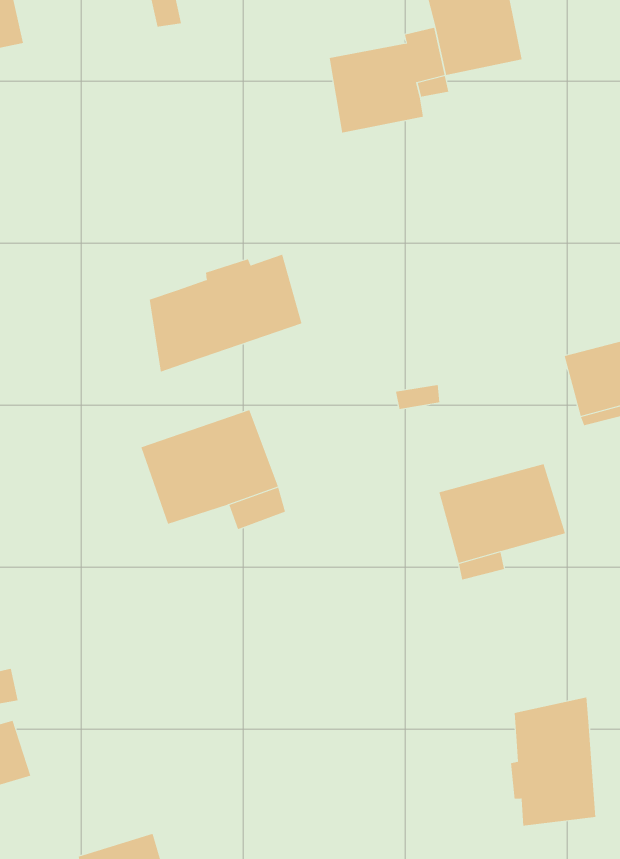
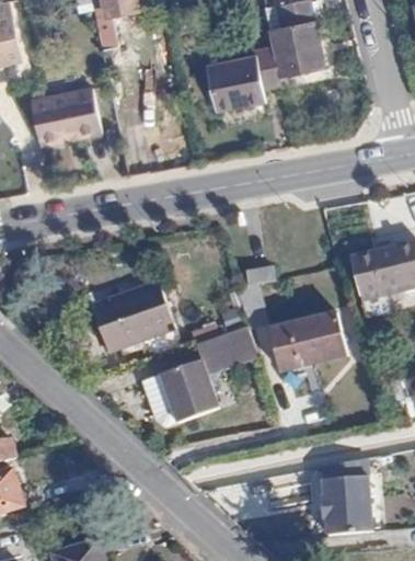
building: none -> [32,85,103,145]
building: [149,254,302,373] -> none
building: none -> [141,325,260,427]

